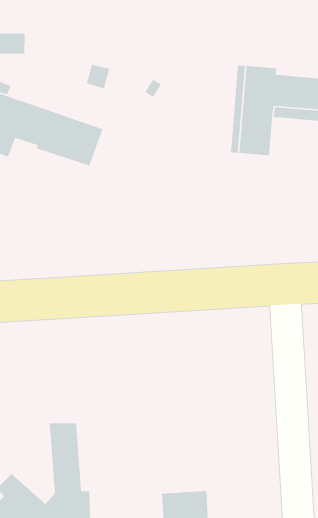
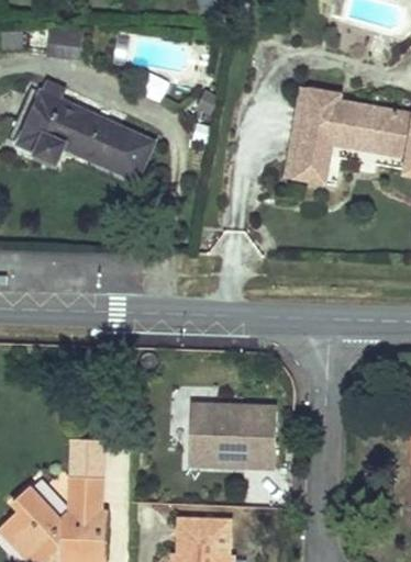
building: none -> [188,403,277,467]

